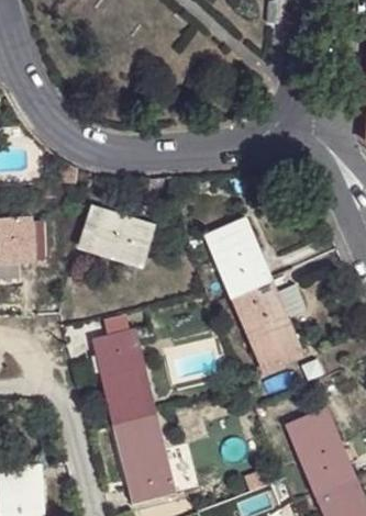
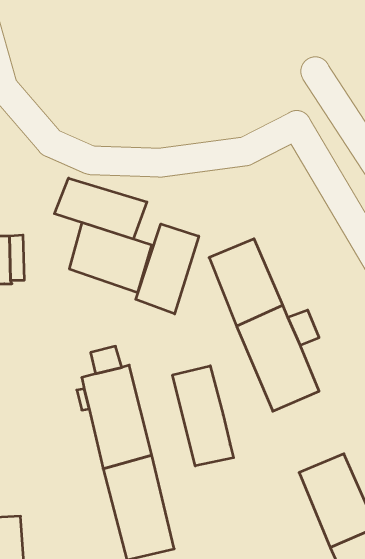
building: none -> [54,178,147,239]
building: none -> [136,224,199,314]
building: none -> [173,366,234,466]

